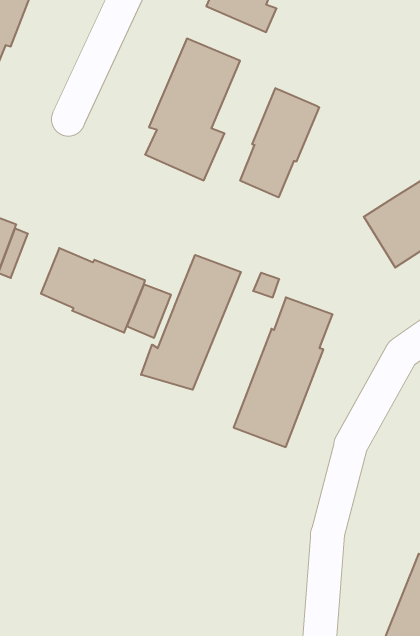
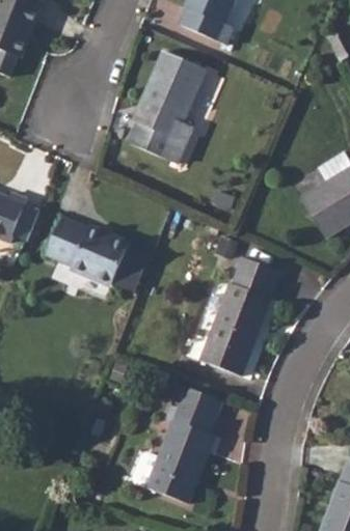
building: [240,88,319,197] -> none
building: [141,255,241,390] -> none
building: none -> [139,384,221,499]

